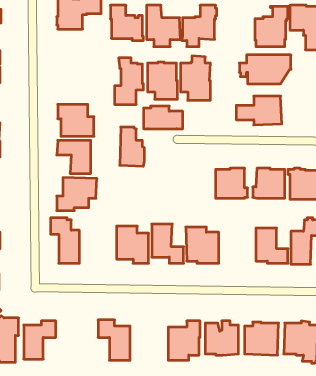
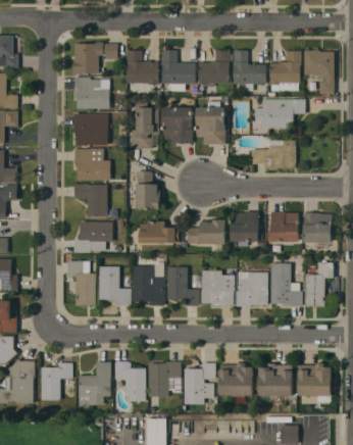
building: none -> [234,50,266,91]
building: none -> [74,77,109,108]
building: none -> [73,112,108,145]
building: [144,106,183,129] -> [140,220,179,243]
building: none -> [188,219,226,244]
building: none -> [99,266,132,305]
building: none -> [236,271,268,306]
building: none -> [79,361,111,406]
building: none -> [148,361,182,396]

